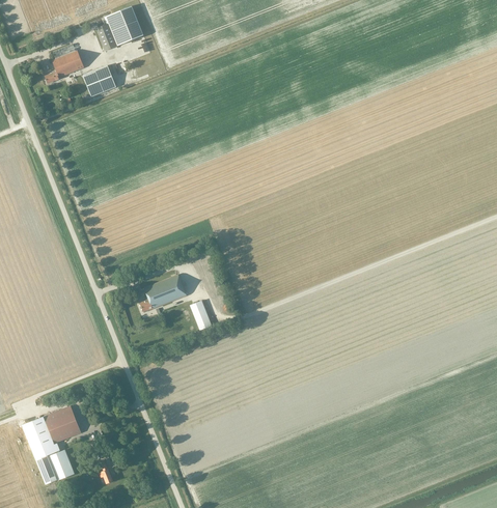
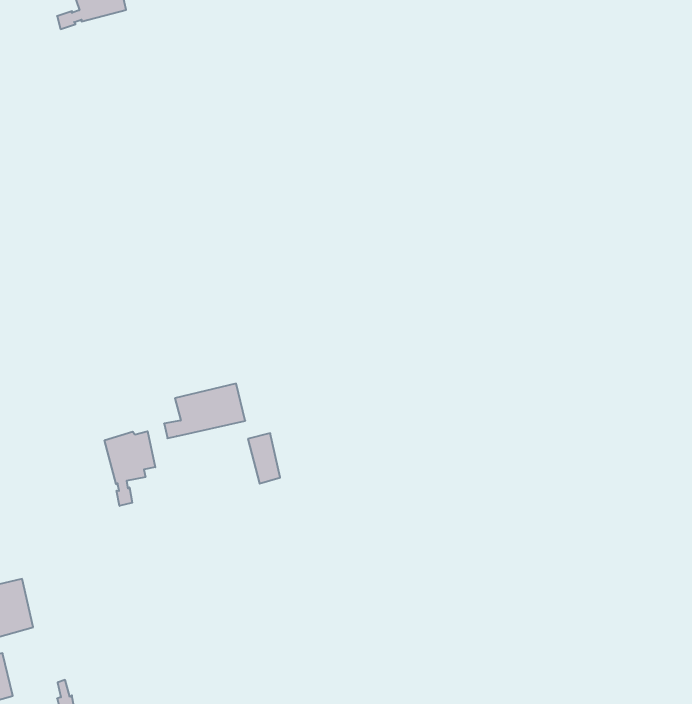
building: [83,65,116,96] -> none
building: none -> [105,431,155,506]

